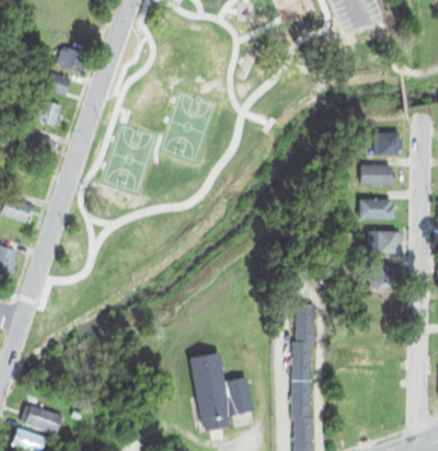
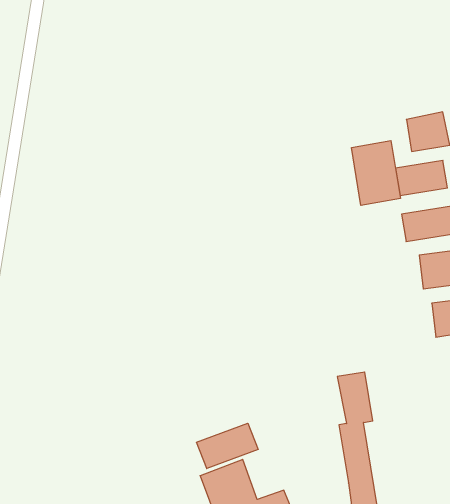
building: none -> [352,141,400,205]
building: none -> [196,423,258,469]

